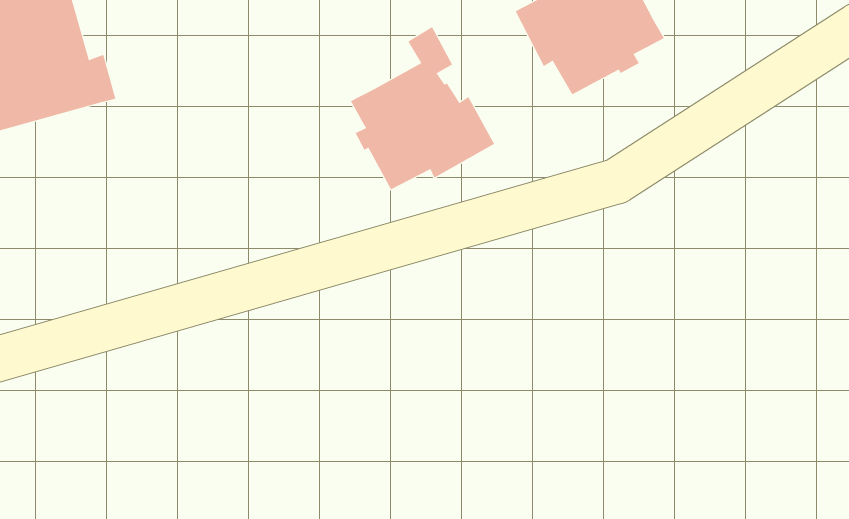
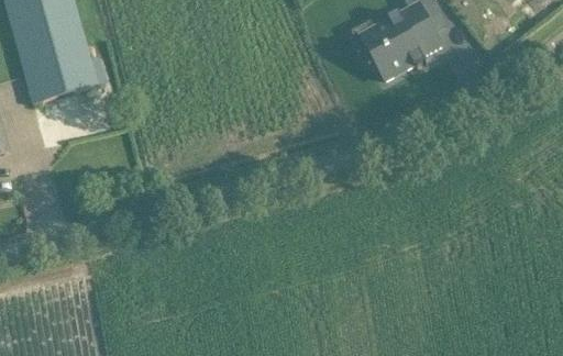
building: [350,26,495,190] -> none

